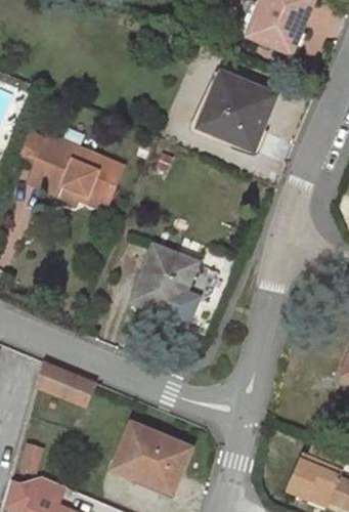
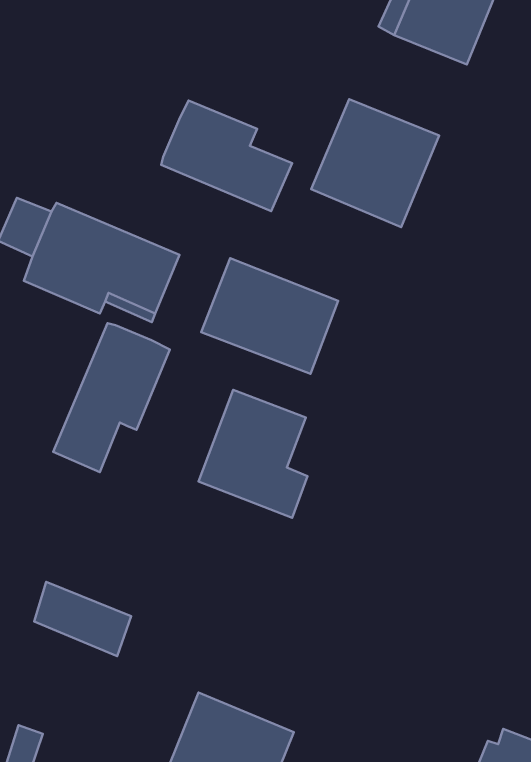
building: none -> [161,100,292,211]
building: none -> [201,258,338,374]
building: none -> [53,323,170,472]

